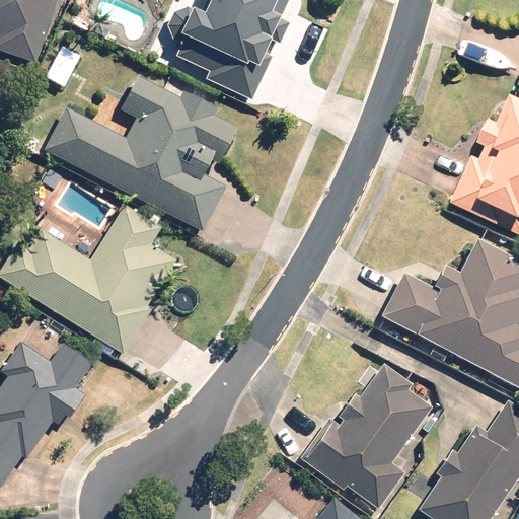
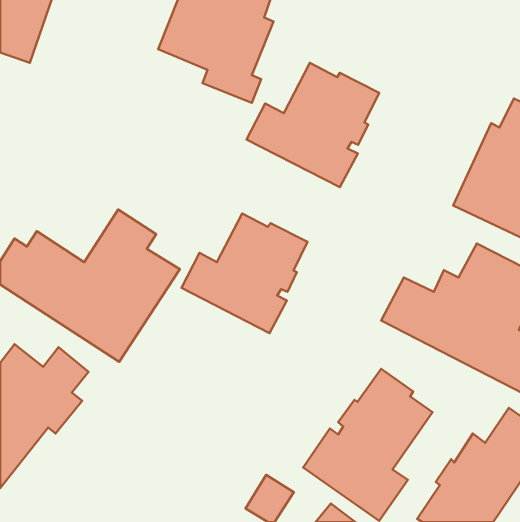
building: none -> [247,63,379,187]
building: [46,78,235,230] -> none
building: none -> [181,213,308,333]

